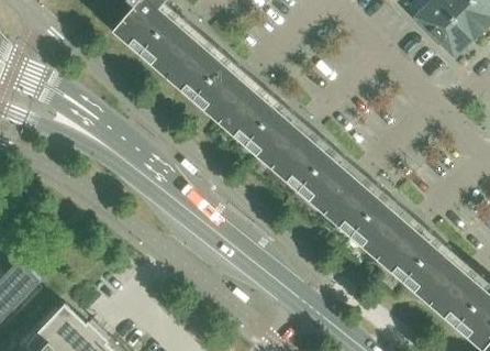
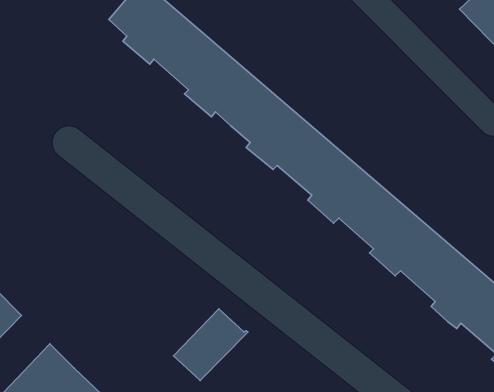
building: none -> [174,309,248,381]

